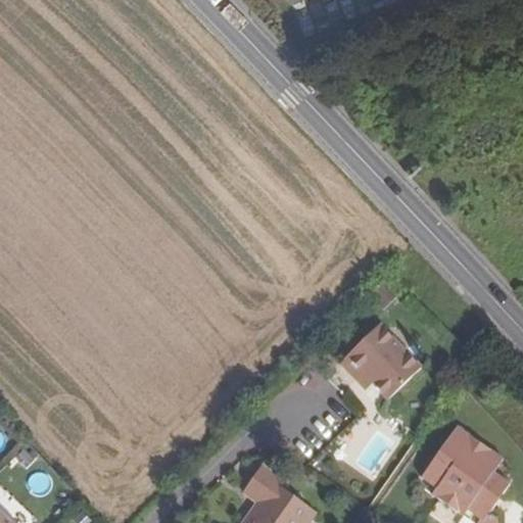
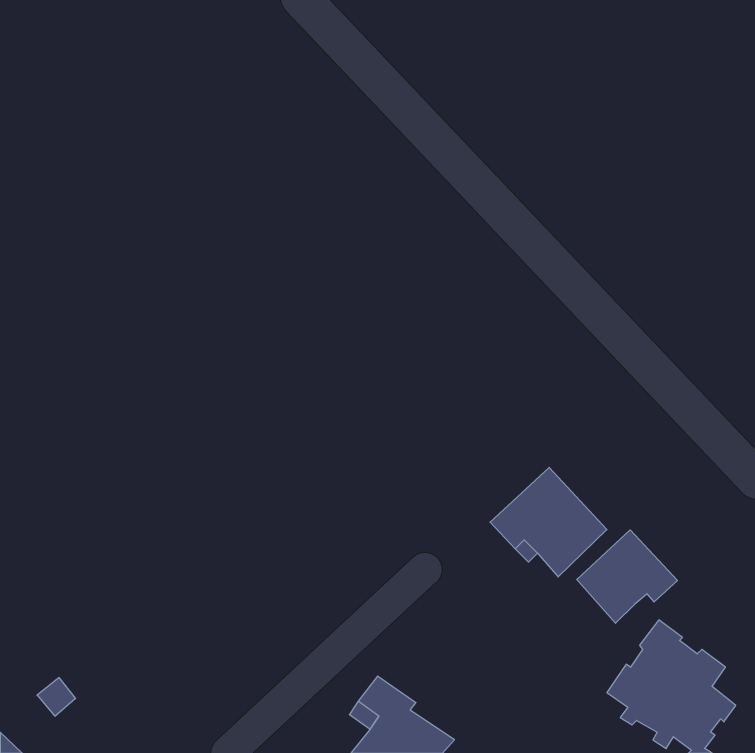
building: none -> [577,530,677,623]

